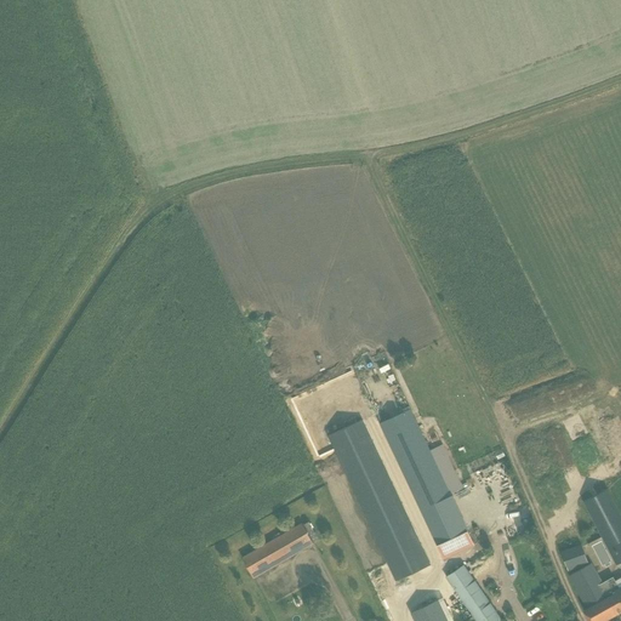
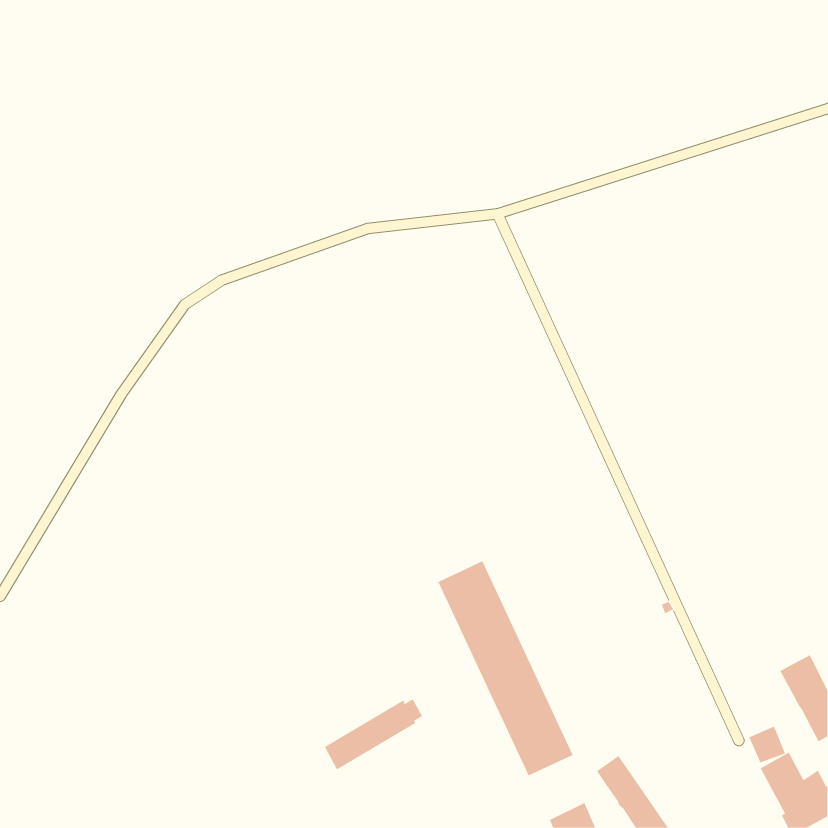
building: [380,410,474,559] -> none

